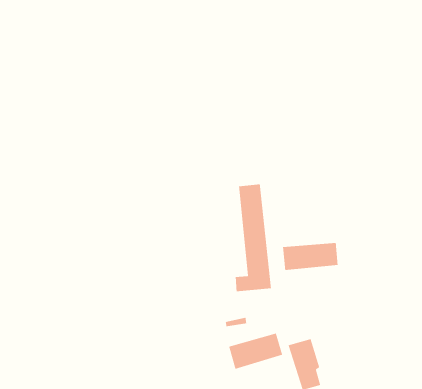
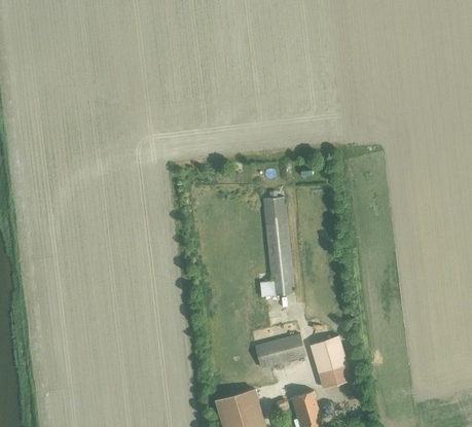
building: [282,242,338,271] -> none

